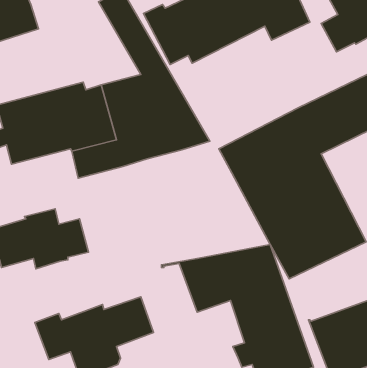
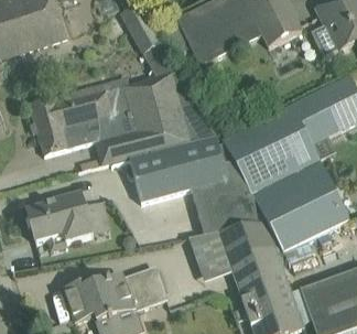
building: none -> [129,134,267,234]

